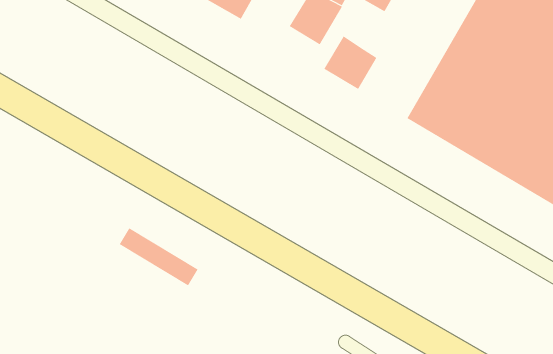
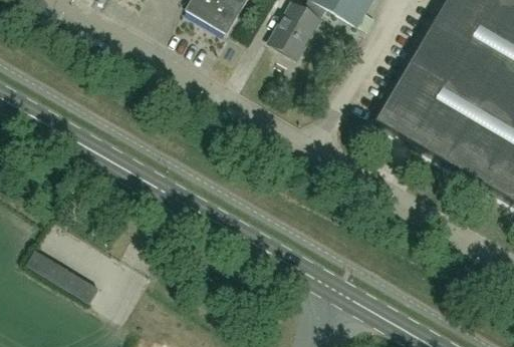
building: [323,35,377,90] -> none
building: [119,227,199,286] -> [26,250,98,303]

